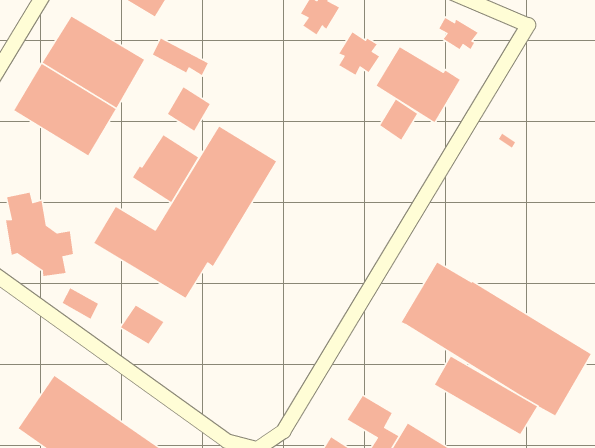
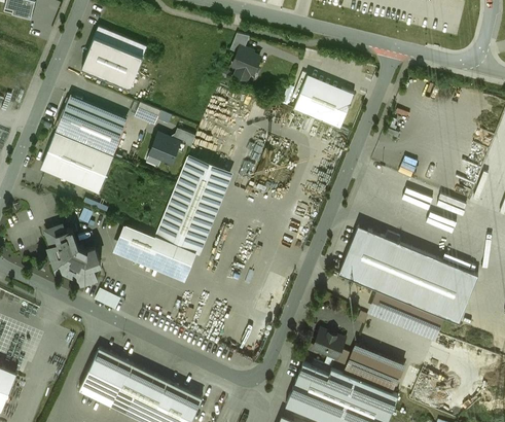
building: [438,17,479,50] -> none
building: [338,31,380,76] -> none
building: [379,98,418,141] -> none
building: [132,134,199,203] -> none
building: [120,304,164,345] -> none

